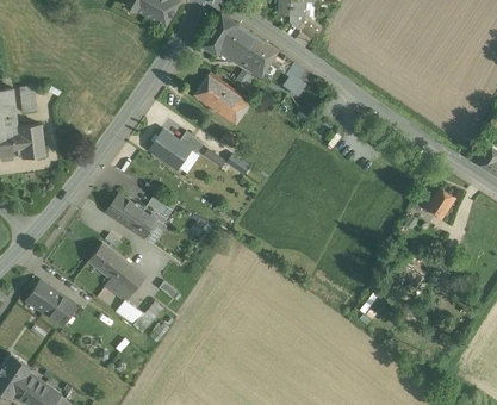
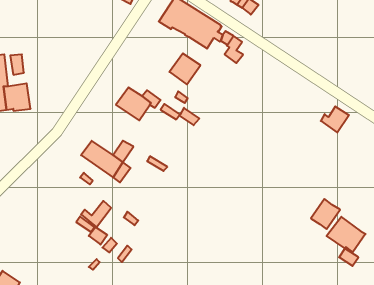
building: [193,71,230,108] -> none
building: [421,186,455,218] -> [321,106,349,133]
building: [87,242,132,285] -> none
building: [25,280,74,324] -> none
building: none -> [327,217,366,252]

